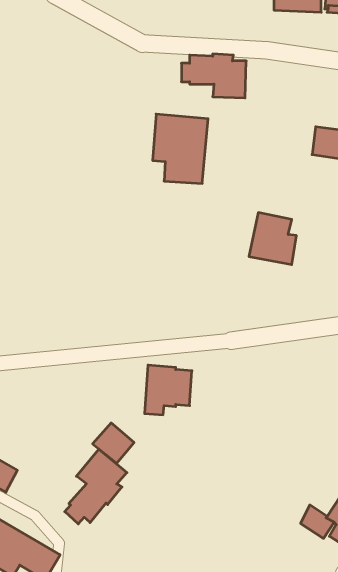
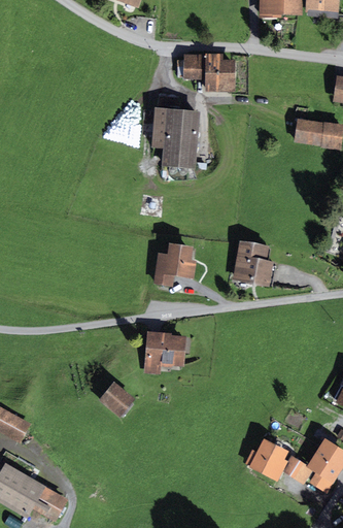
building: [249,213,296,265] -> [232,240,274,287]
building: none -> [153,243,197,286]
building: [65,449,127,524] -> none
building: none -> [245,438,288,483]

